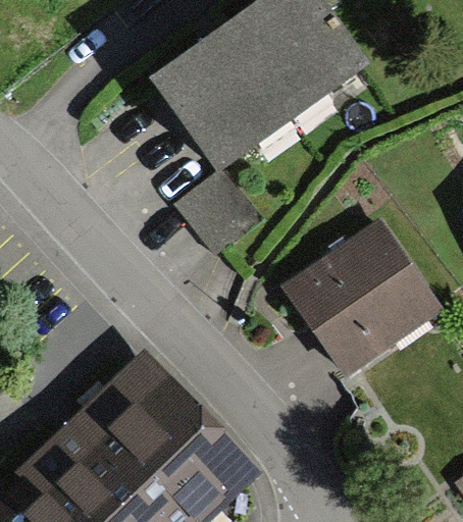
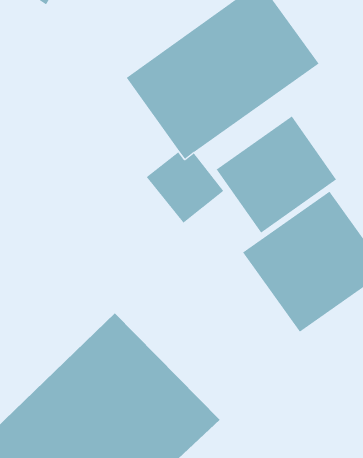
building: none -> [216,115,337,234]

